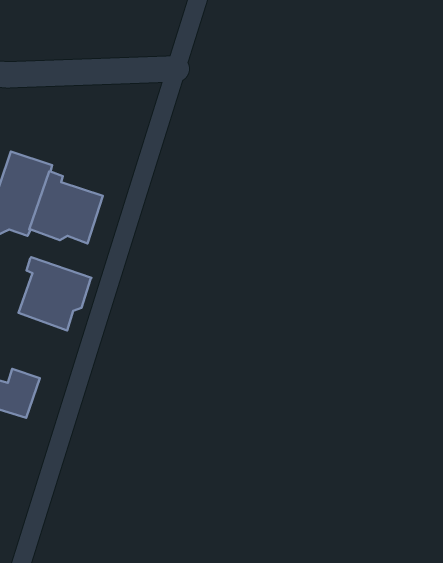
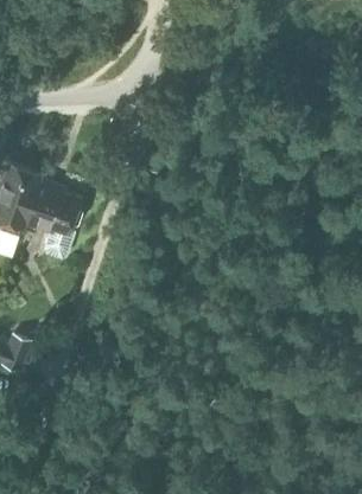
building: [18,257,92,331] -> none

